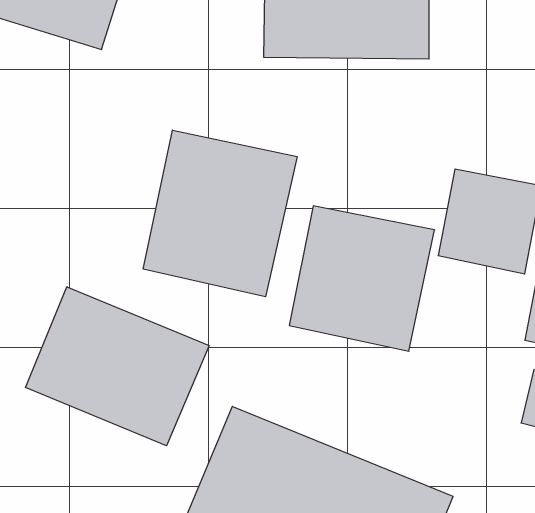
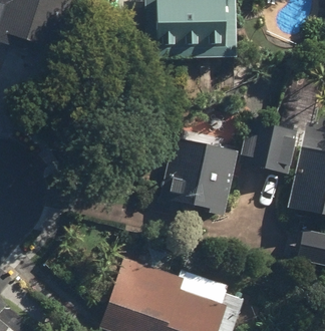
building: [143,130,297,297] -> none
building: [26,287,209,446] -> none

